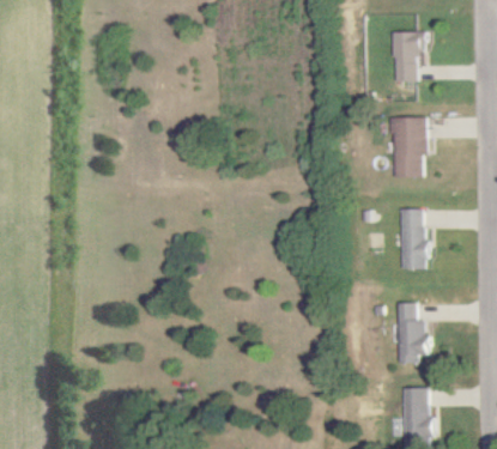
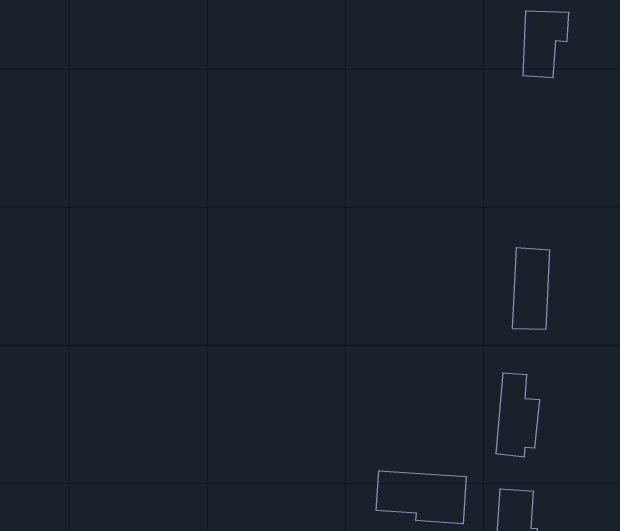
building: [389,117,428,176] -> none
building: none -> [376,471,466,524]

